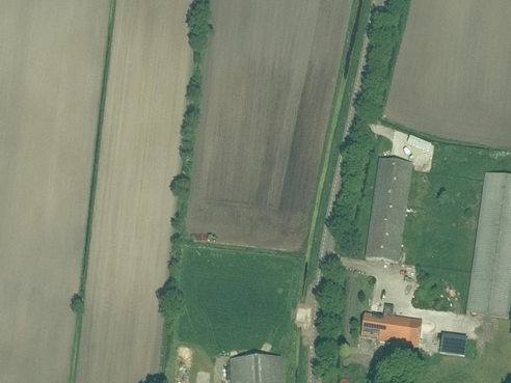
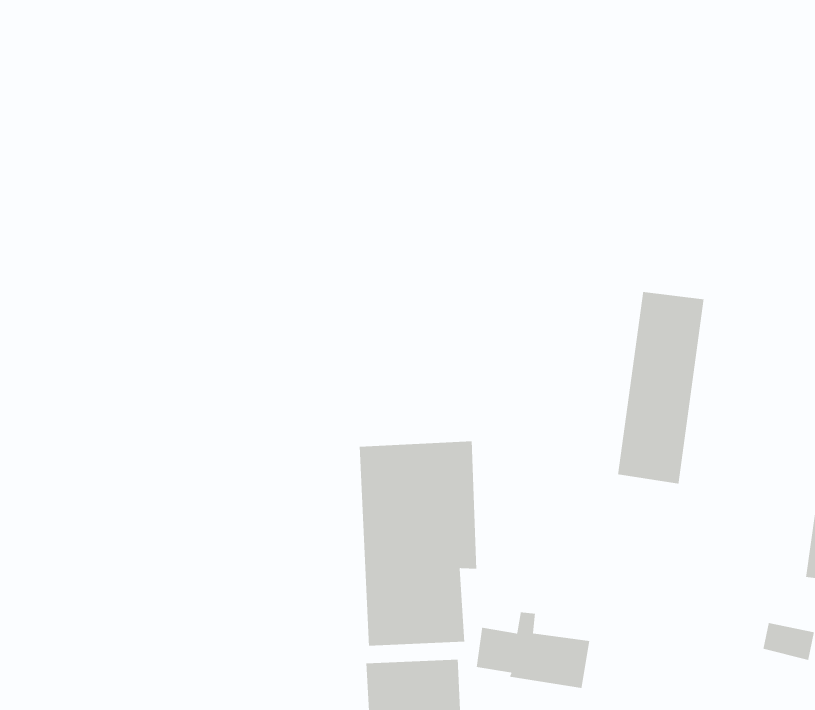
building: none -> [359,440,477,647]
building: [361,303,423,345] -> [476,611,590,689]

